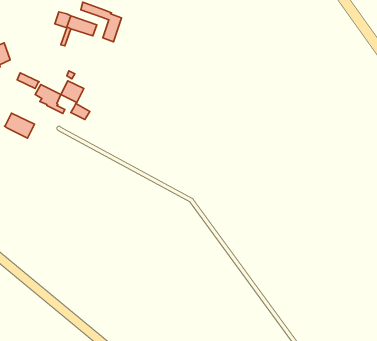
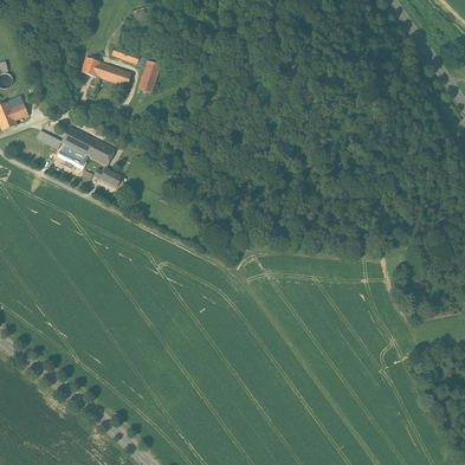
building: [5,113,34,138] -> [60,127,96,156]

